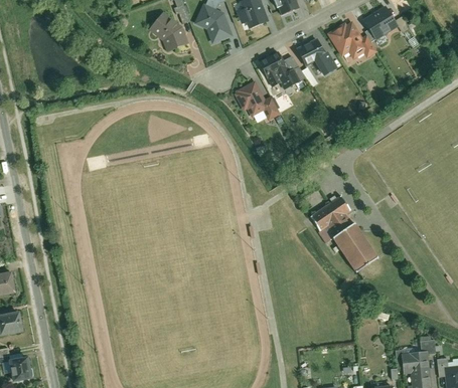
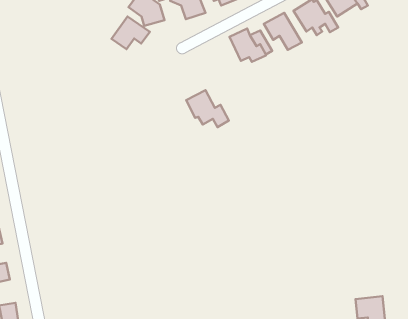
building: none -> [111,17,150,49]
building: [235,81,281,122] -> [186,90,229,127]
building: [308,189,378,270] -> none

